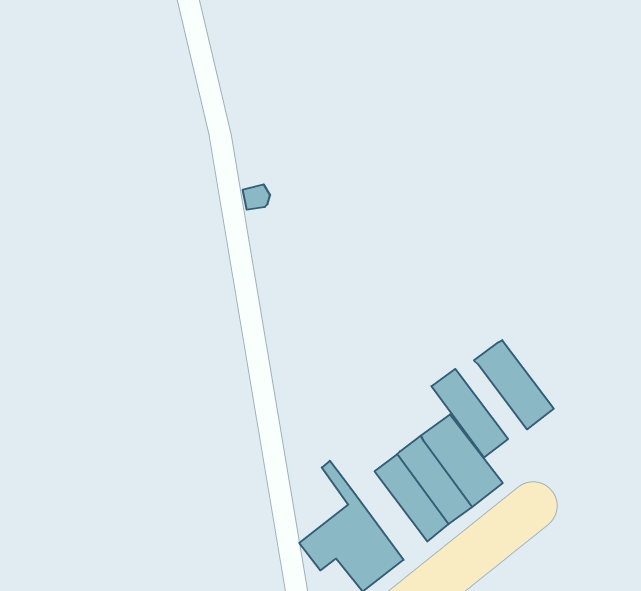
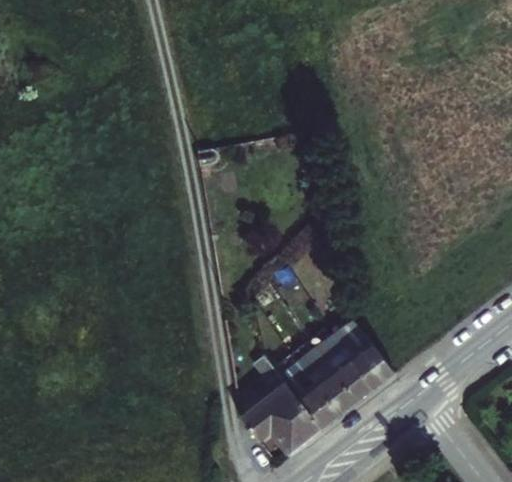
building: [474,340,554,429] -> none
building: [431,369,508,458] -> [278,364,336,431]

